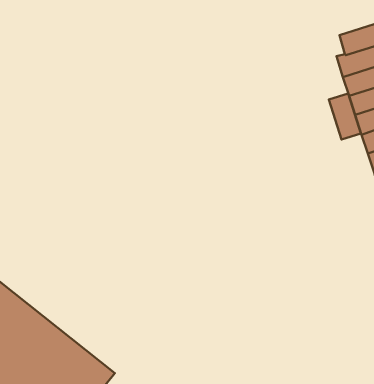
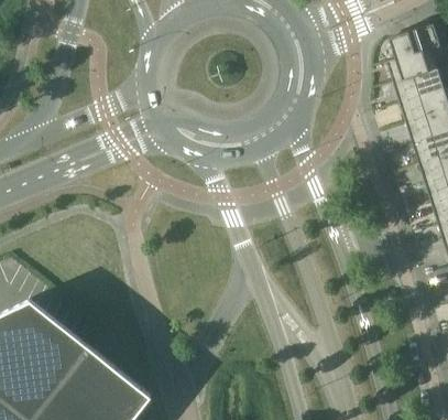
building: [329,94,361,139] -> none

